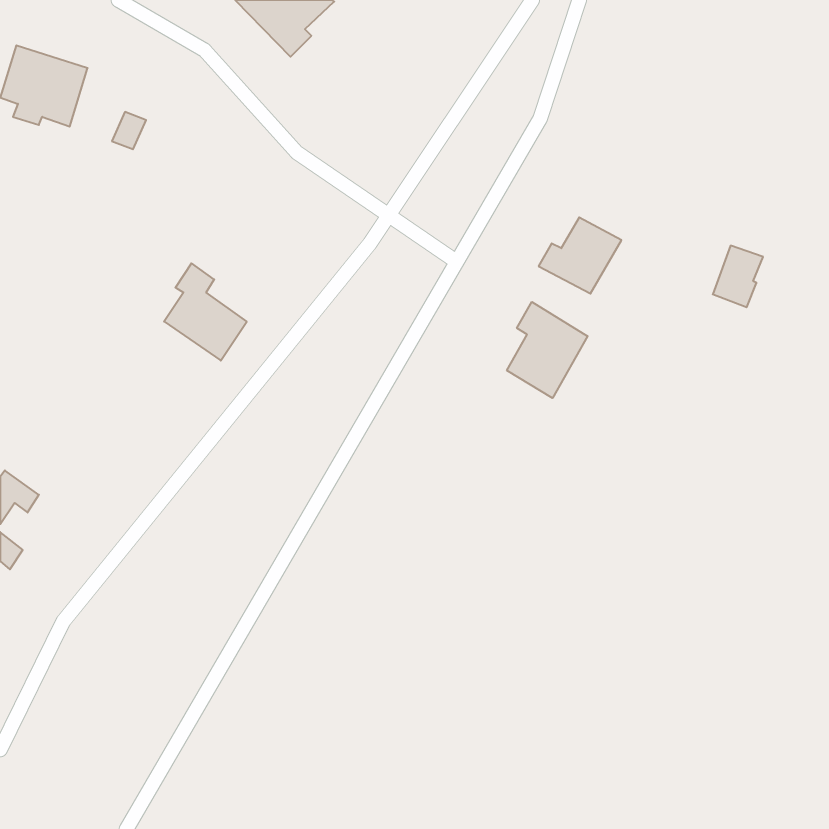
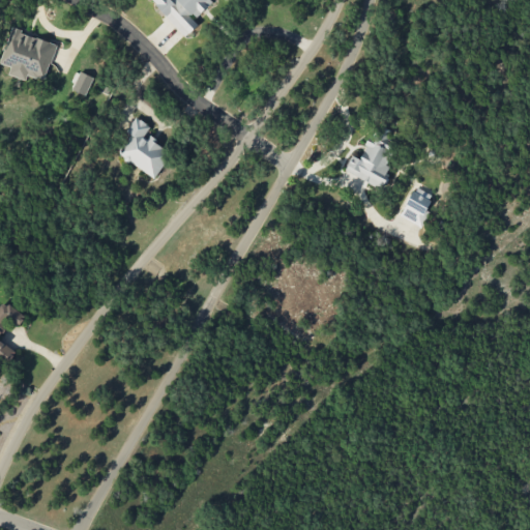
building: [713,246,763,307] -> [401,186,433,226]
building: [164,263,247,361] -> [118,116,171,178]
building: [507,302,588,398] -> none

